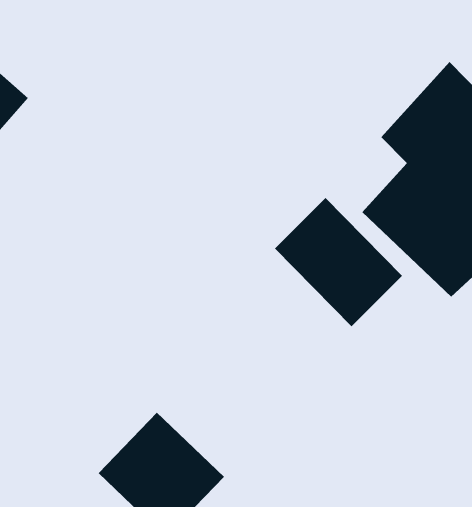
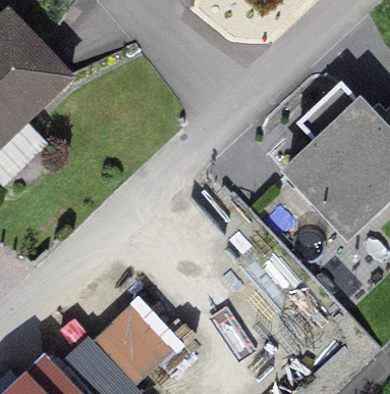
building: [274,197,403,327] -> none

